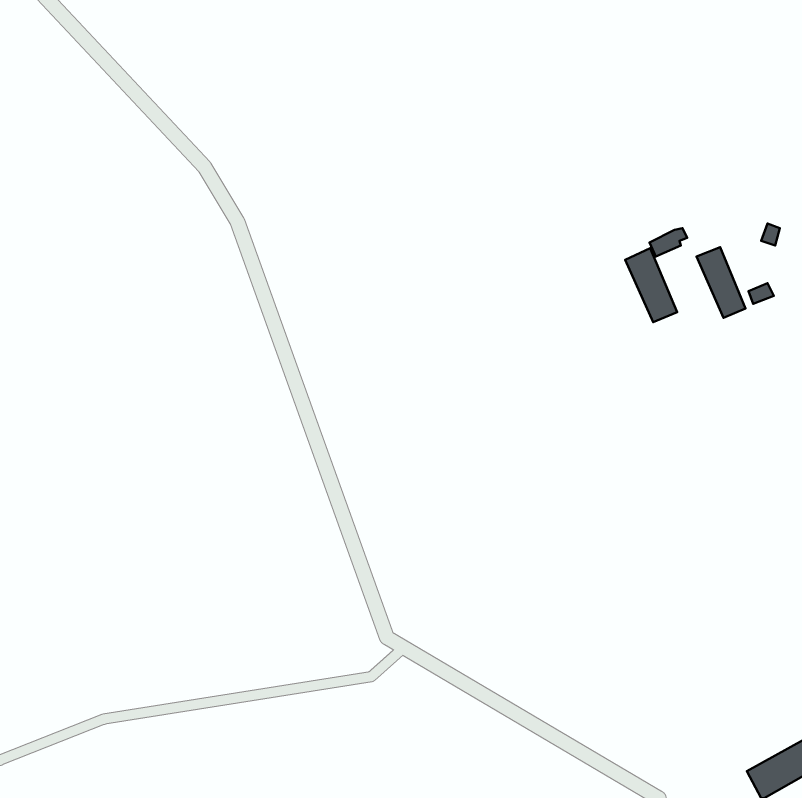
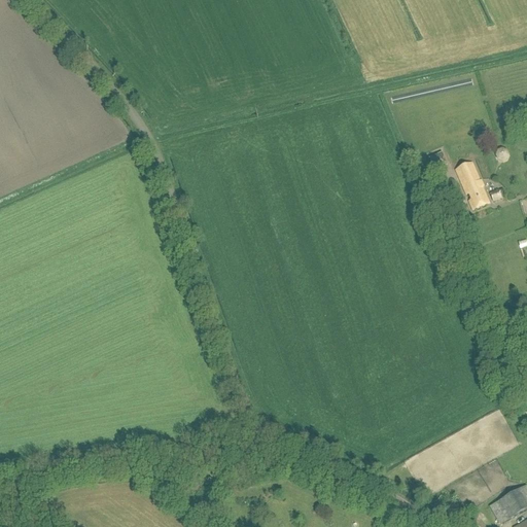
building: [625,248,677,322] -> none

